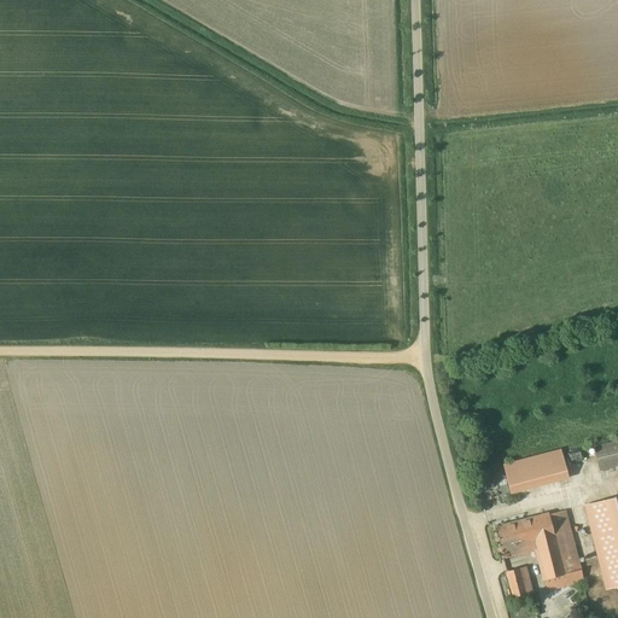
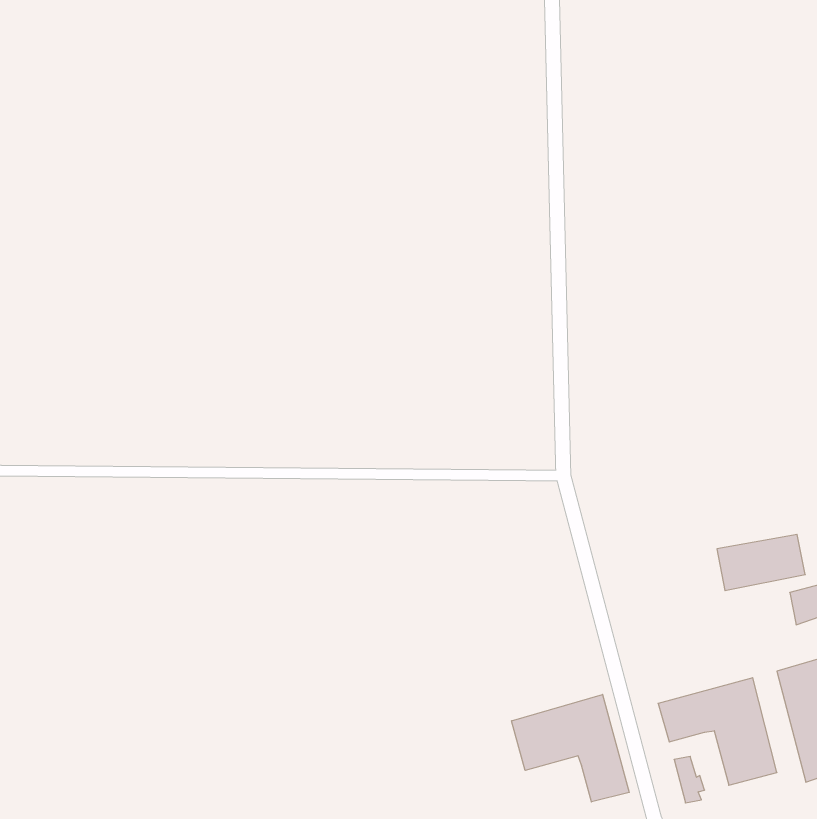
building: [502,450,569,492] -> [717,534,805,591]
building: none -> [512,694,629,802]

